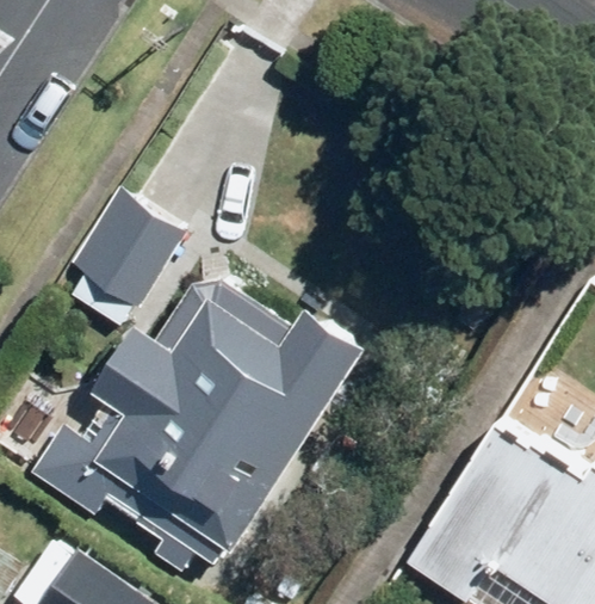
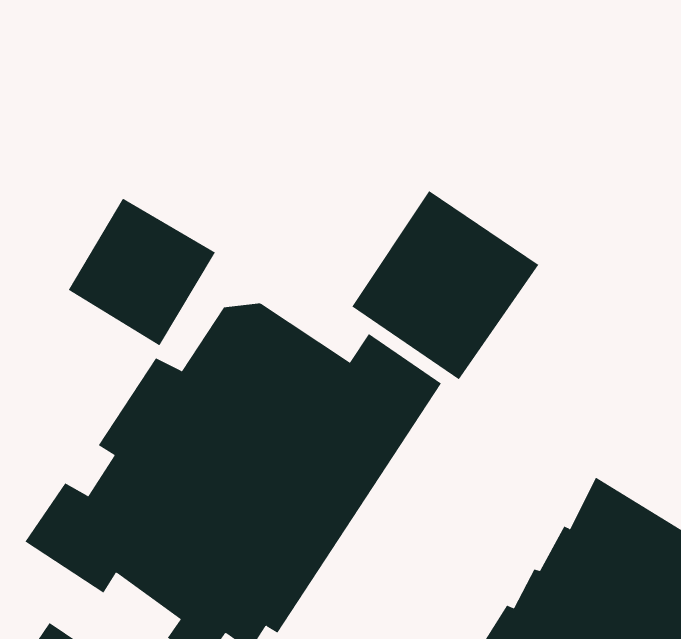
building: none -> [351,190,539,380]

